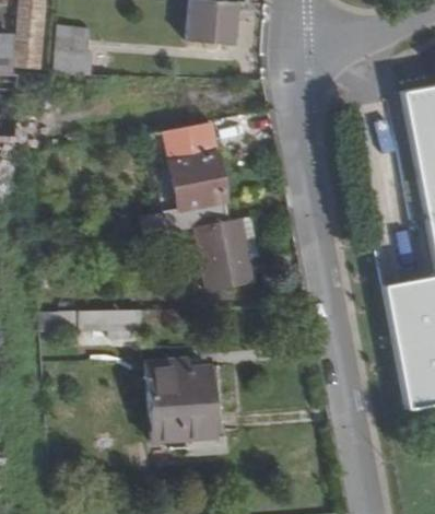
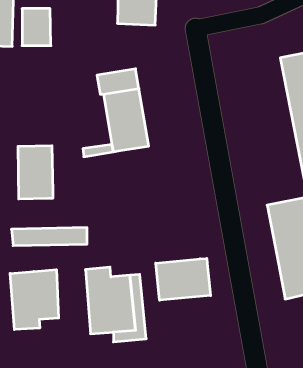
building: [185,206,257,295] -> none
building: none -> [18,146,53,199]
building: none -> [156,258,211,300]
building: none -> [10,270,59,330]

